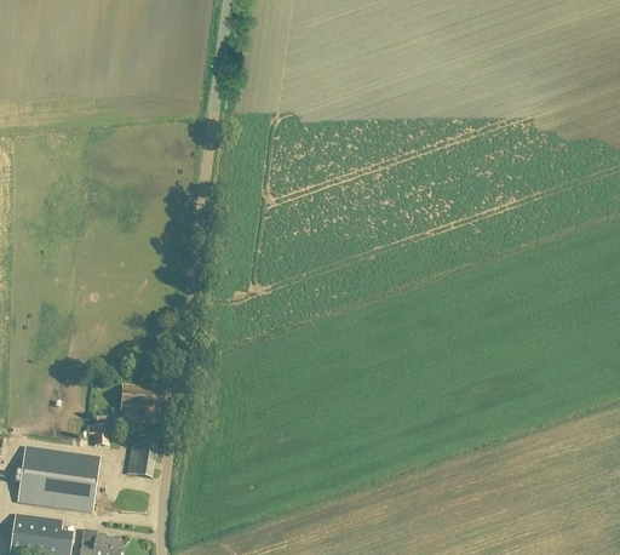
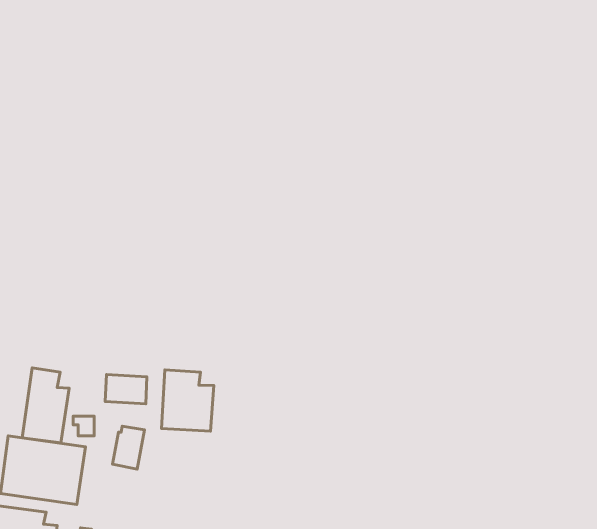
building: none -> [22,368,69,443]
building: none -> [161,370,214,431]

